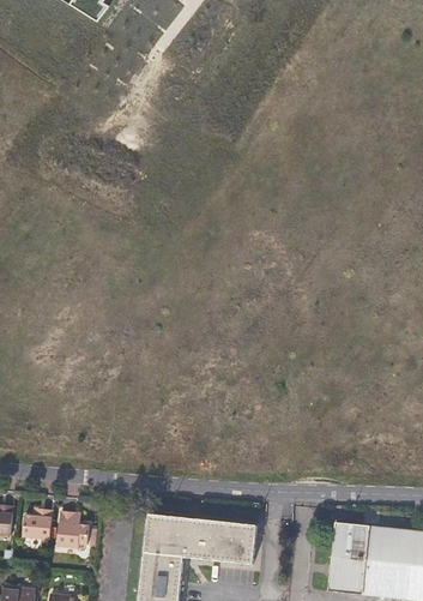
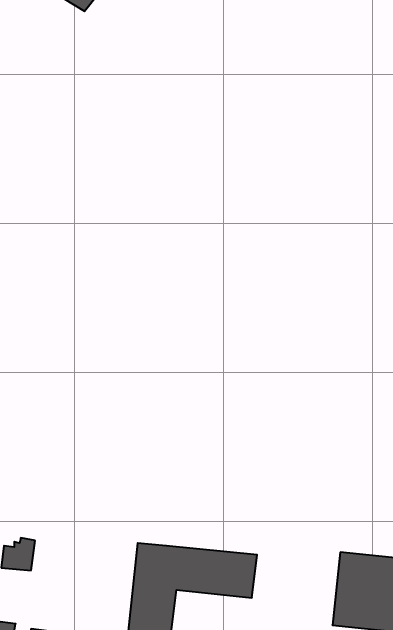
building: [55,511,86,546] -> none

